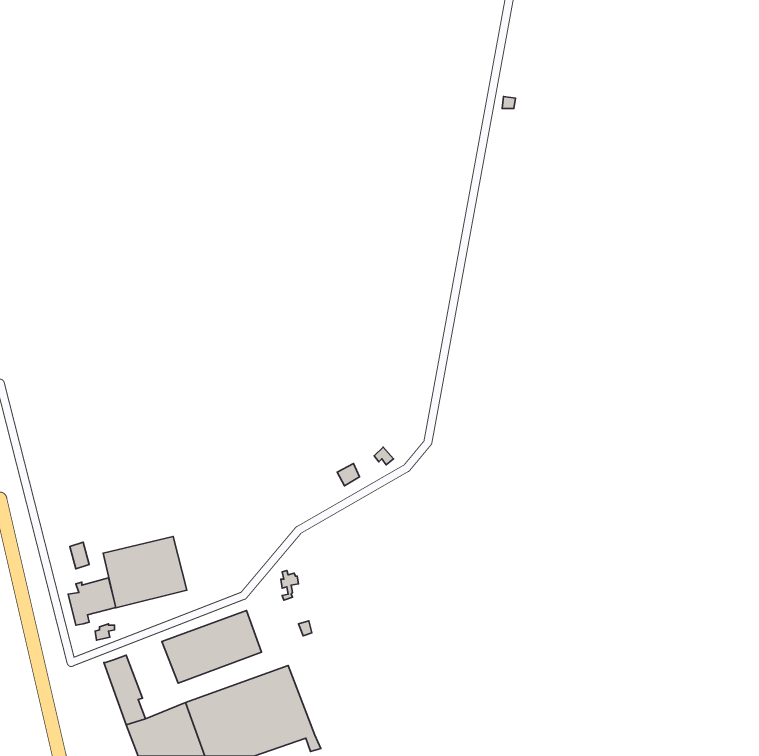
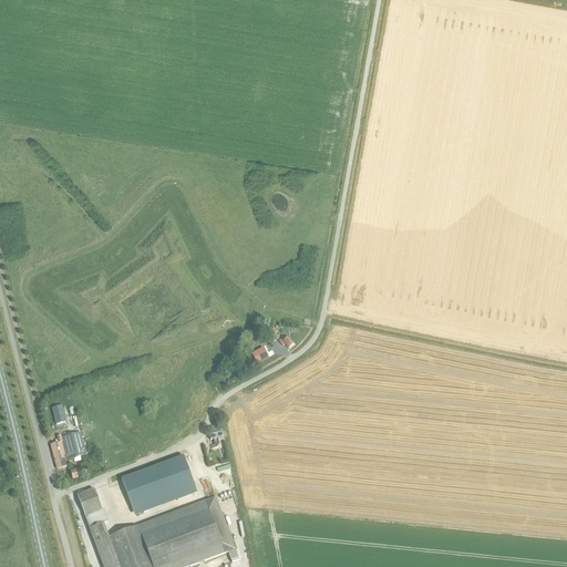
building: [103,537,187,608] -> none

